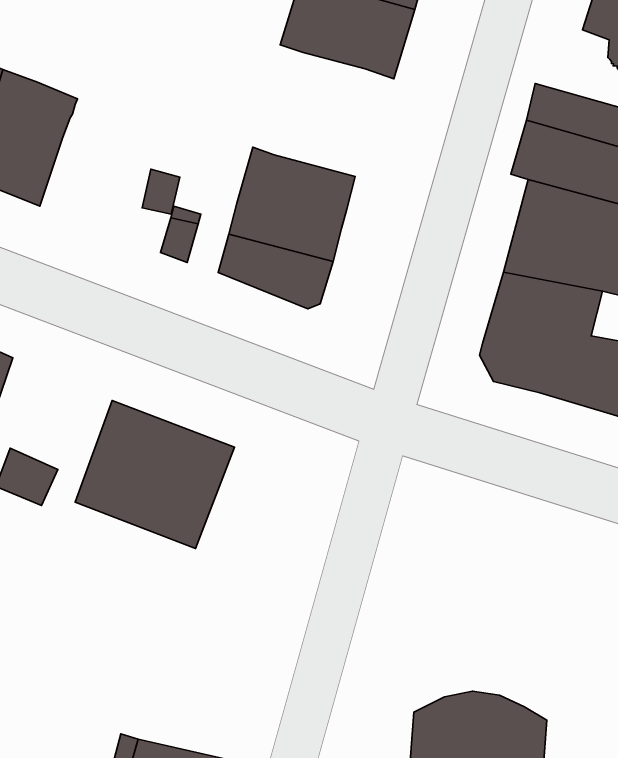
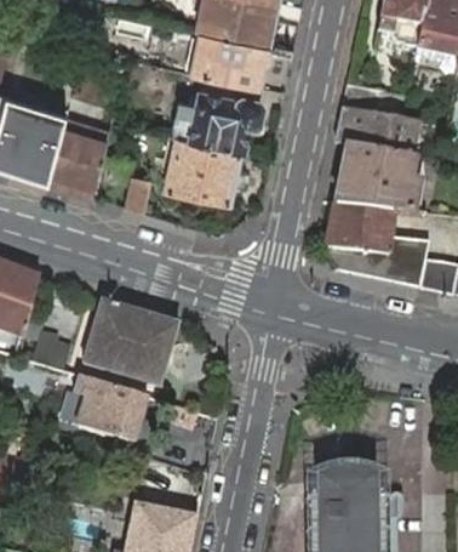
building: none -> [171,74,261,148]
building: none -> [48,116,109,195]
building: none -> [73,374,148,440]

